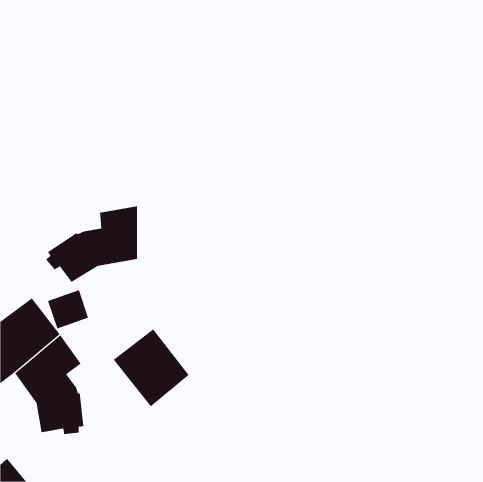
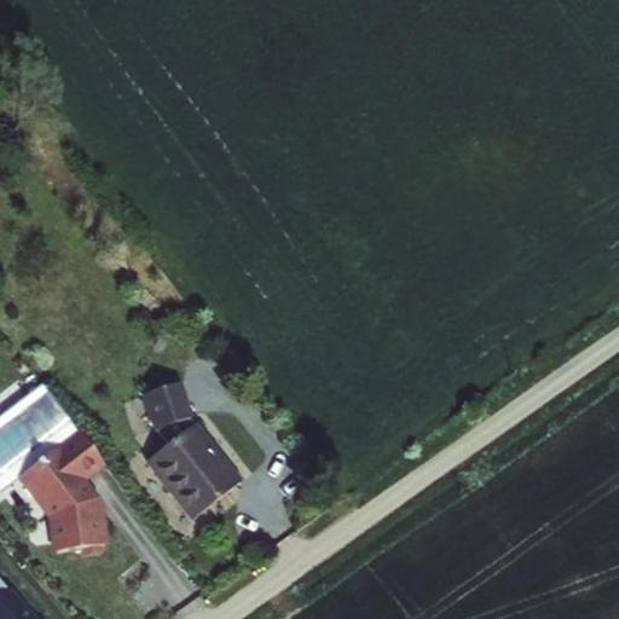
building: [45,206,138,283] -> none
building: [47,289,89,329] -> [140,378,193,429]

